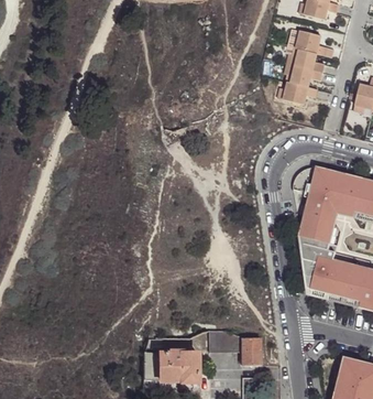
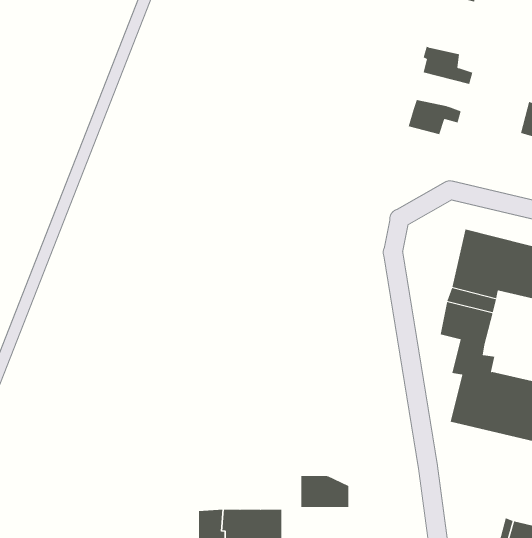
building: [295,30,332,57] -> none
building: [284,65,321,87] -> none
building: [242,336,261,365] -> none

